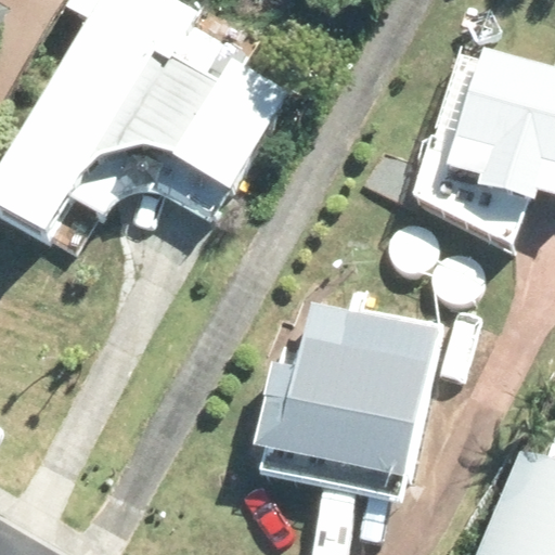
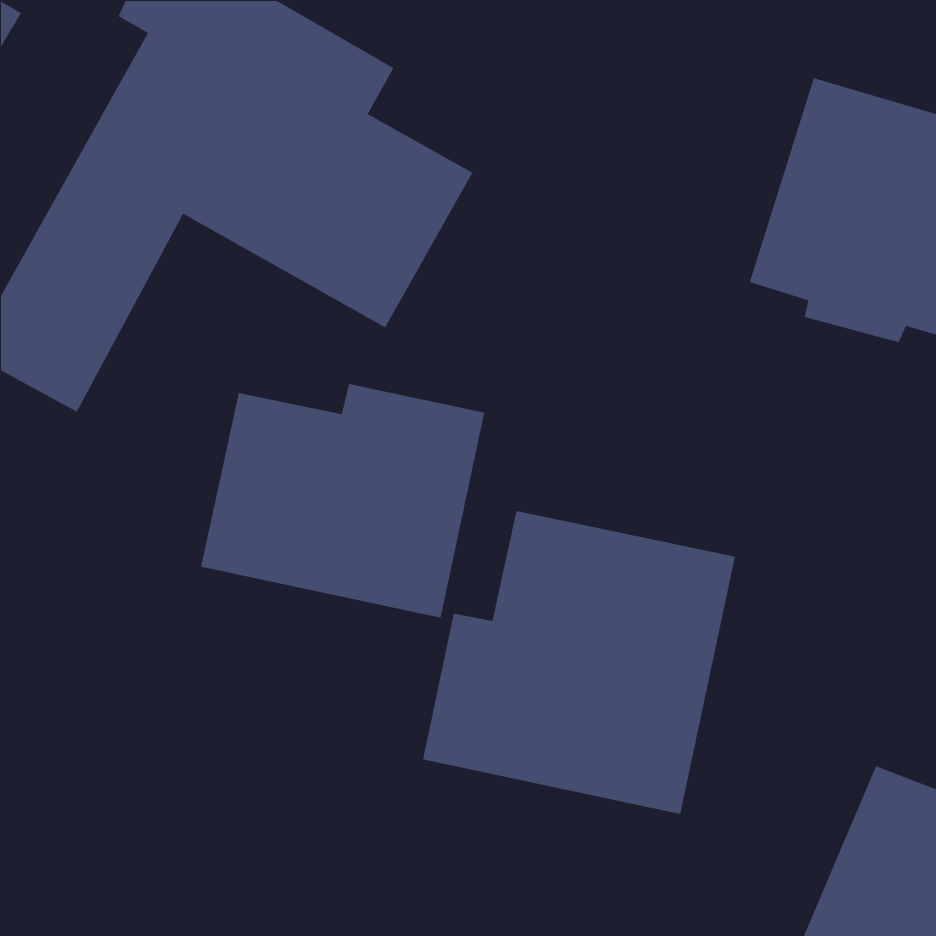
building: none -> [200,383,485,619]

